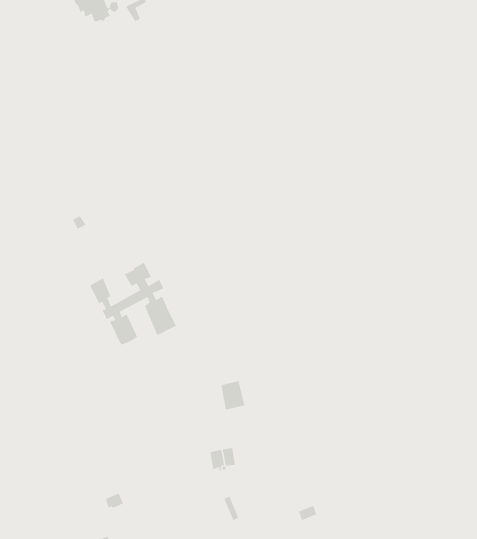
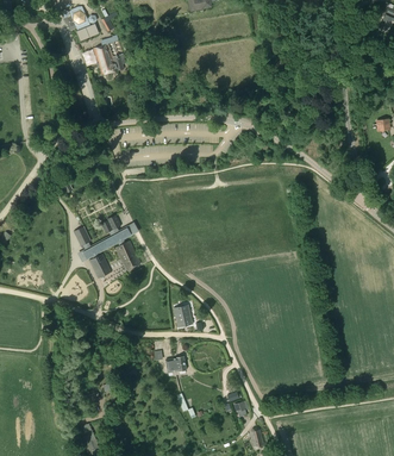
building: none -> [93,35,126,75]

